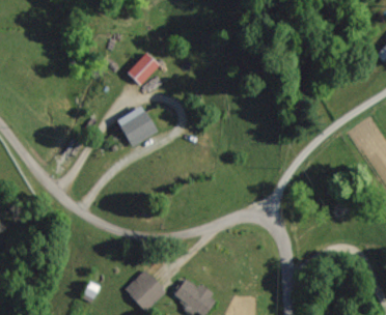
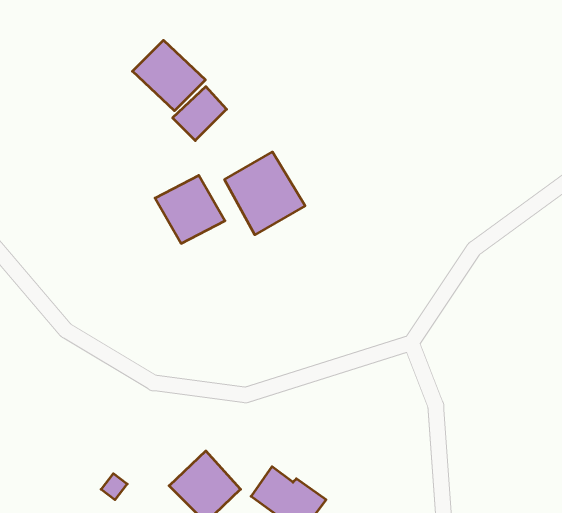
building: none -> [132,40,205,111]
building: none -> [225,152,305,235]

